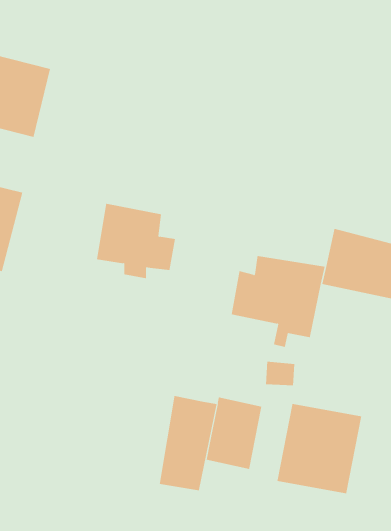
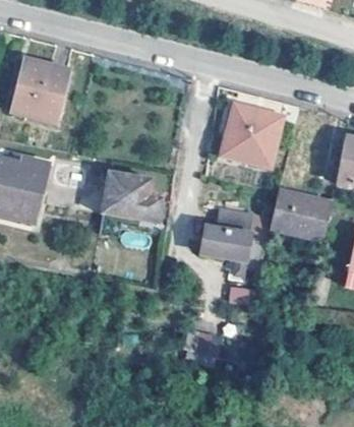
building: none -> [222,106,281,166]
building: [159,395,217,491] -> none
building: [277,403,362,494] -> none

